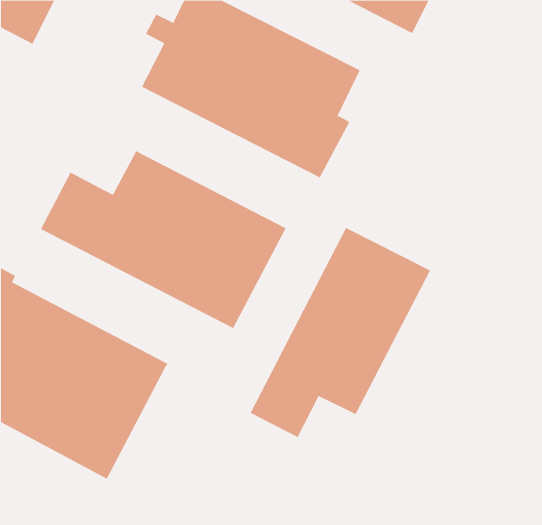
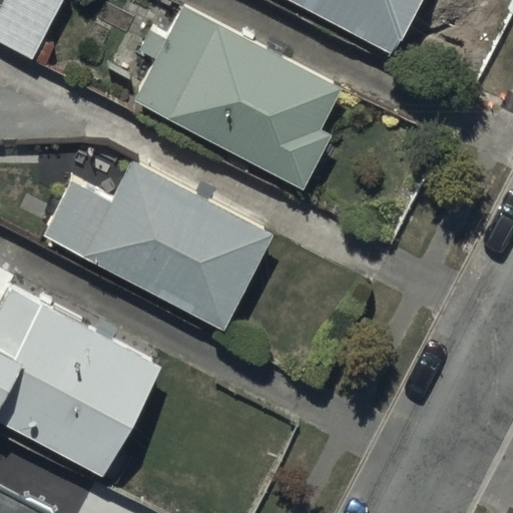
building: [250,227,431,438] -> none

